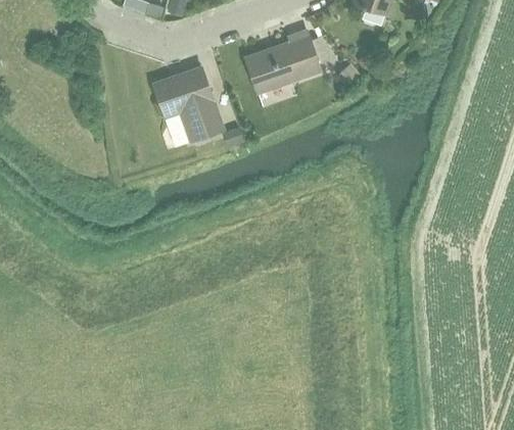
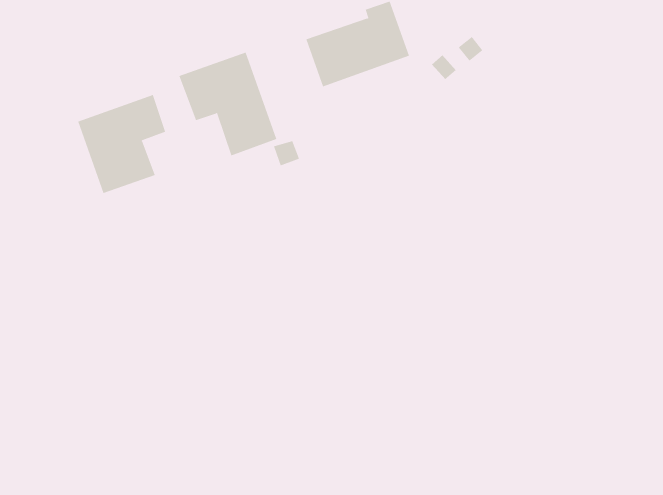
building: none -> [78,94,166,194]

